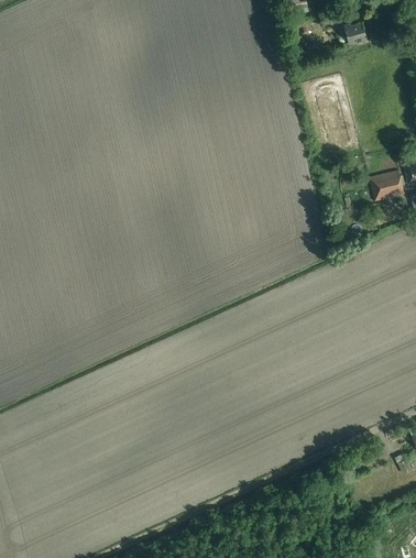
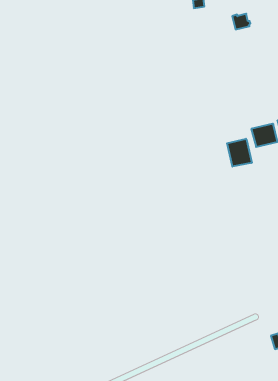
building: none -> [227,139,252,167]

